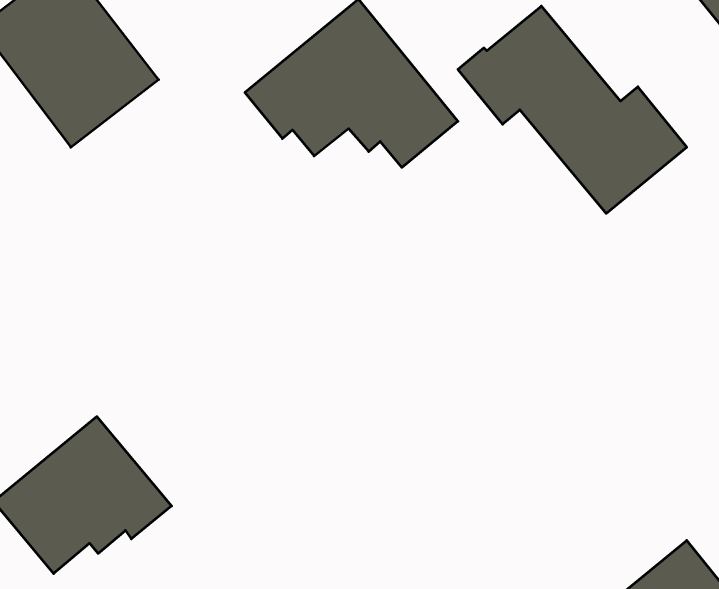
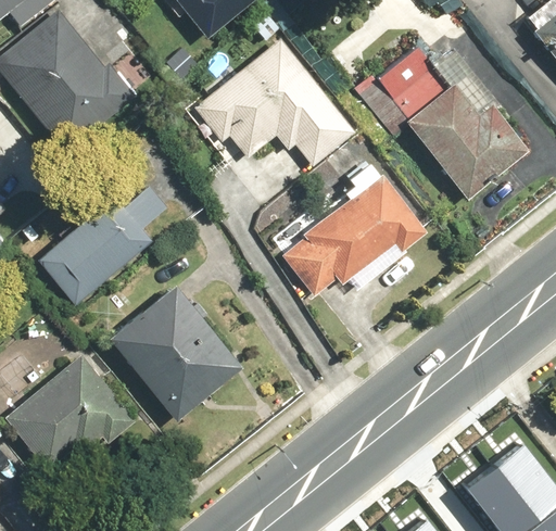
building: none -> [283,160,428,296]
building: none -> [37,193,157,308]
building: none -> [106,281,242,421]

